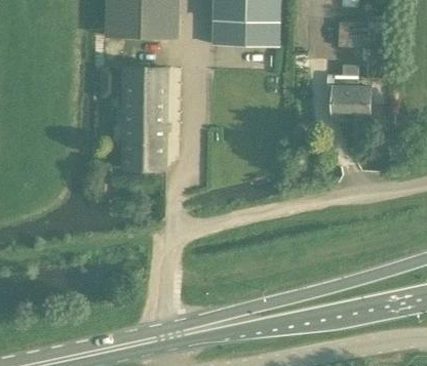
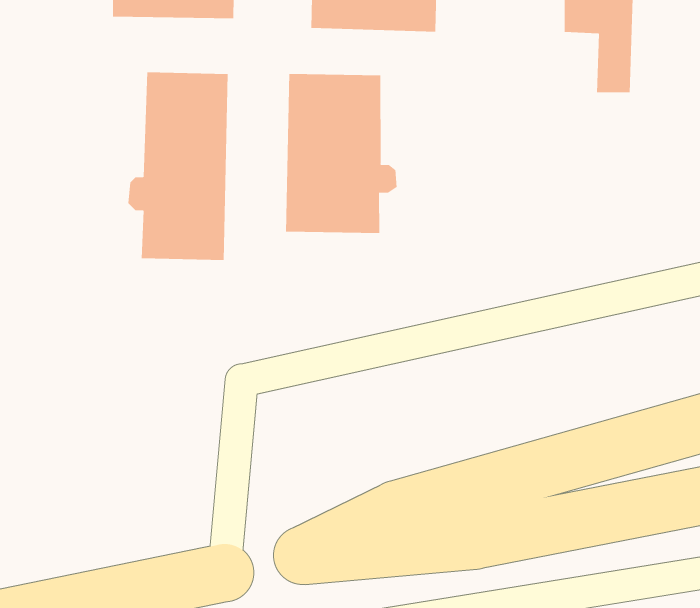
building: [335,65,373,120] -> none
building: none -> [286,73,397,234]

